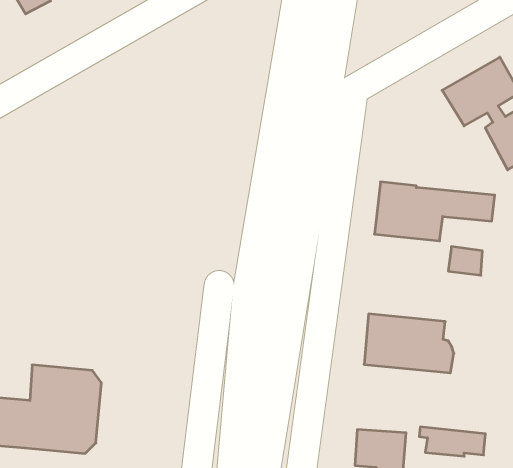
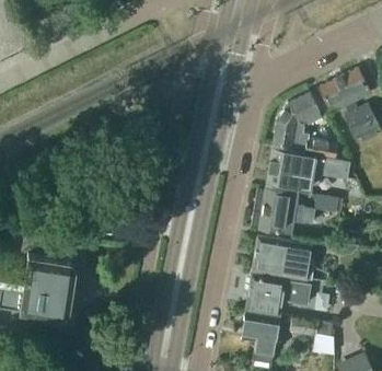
building: none -> [273,94,337,161]
building: none -> [259,188,304,236]
building: none -> [246,276,311,315]

